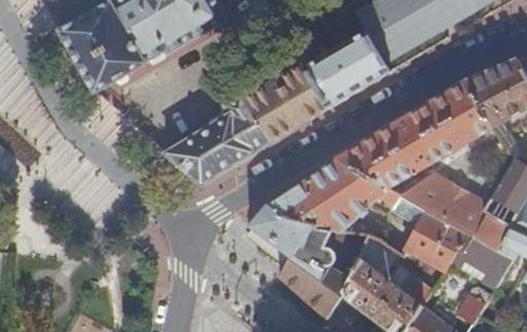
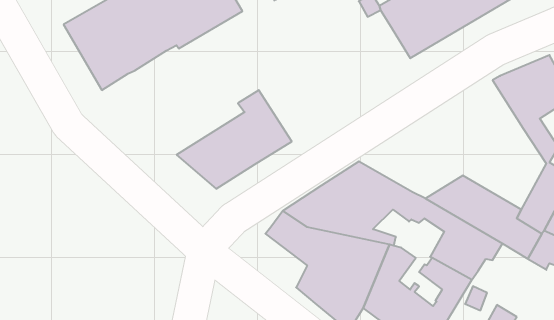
building: [237,24,390,140] -> none
building: [337,82,491,187] -> none
building: [449,235,512,289] -> none

